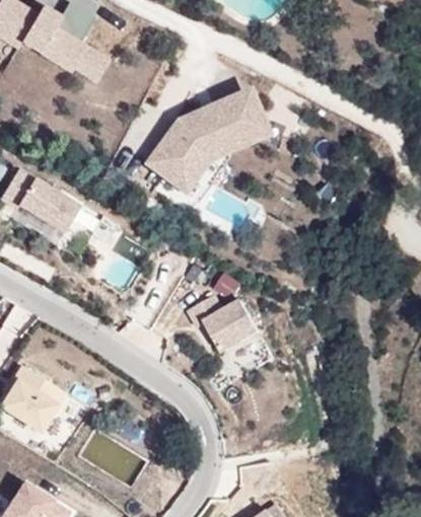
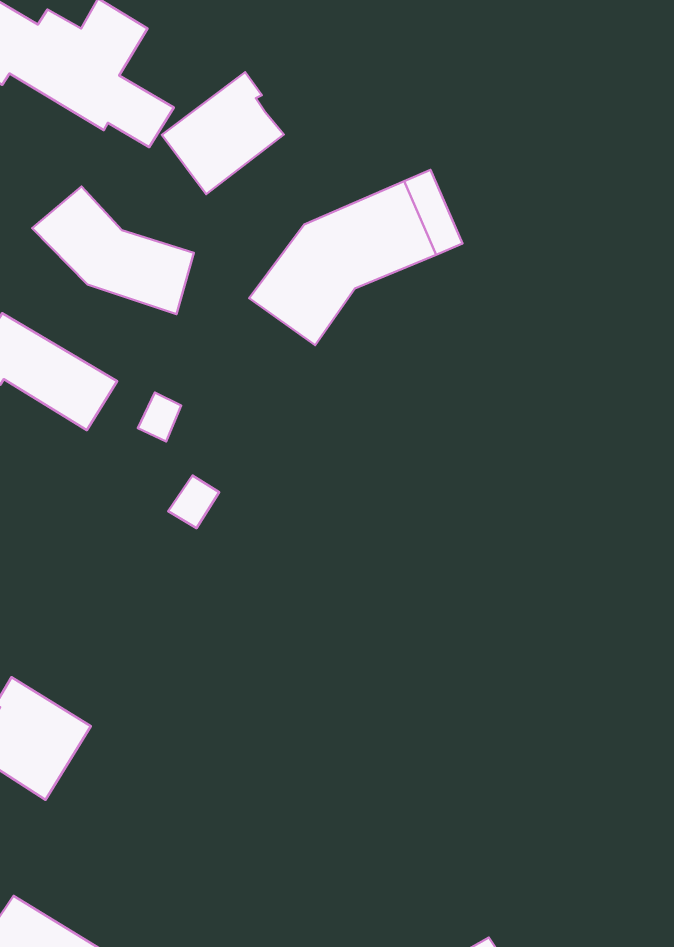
building: none -> [162,72,284,194]
building: none -> [32,187,194,314]
building: [190,295,261,352] -> none

